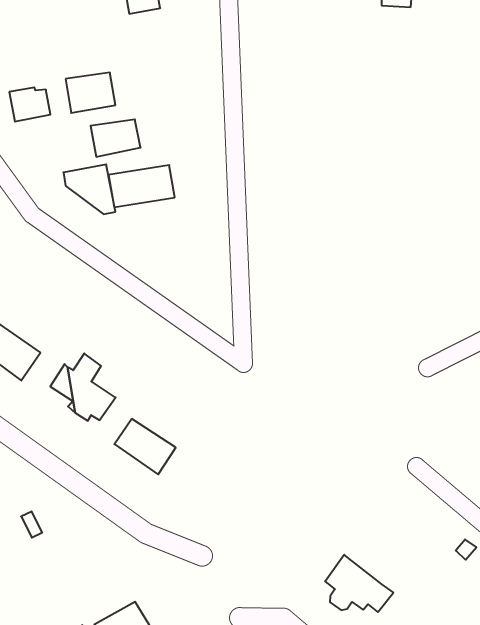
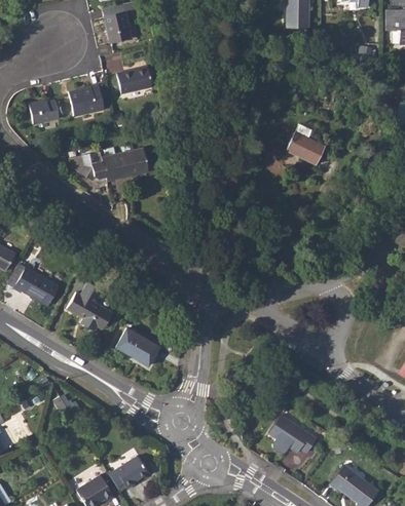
building: [91,119,141,157] -> [116,66,152,93]
building: none -> [287,123,326,165]

